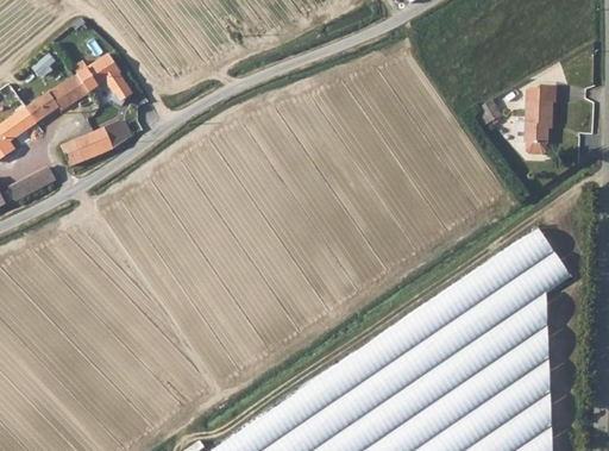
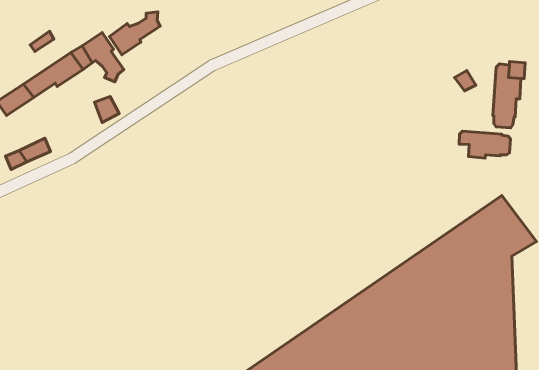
building: none -> [109,12,160,55]
building: [63,129,112,167] -> none
building: none -> [459,131,511,158]

